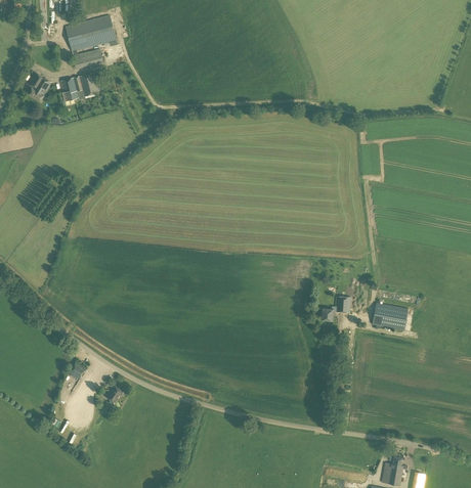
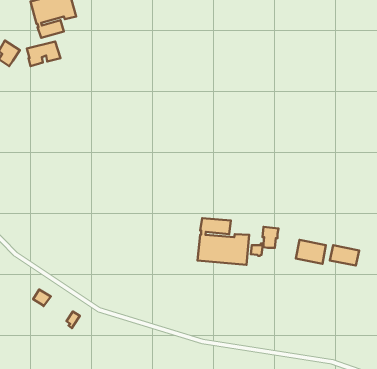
building: none -> [198,218,249,265]
building: none -> [330,245,359,266]

